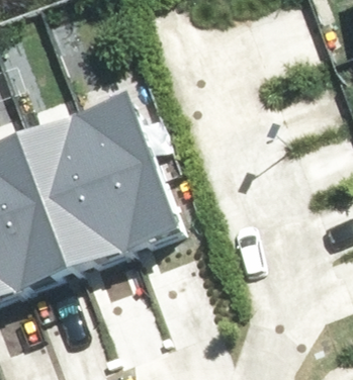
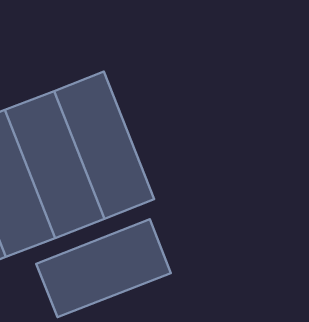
building: none -> [36,219,171,317]

